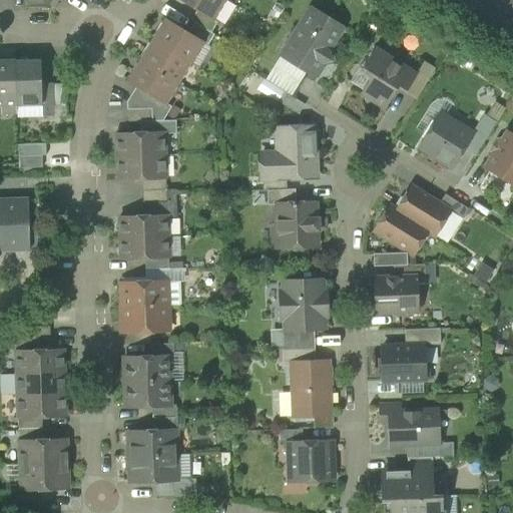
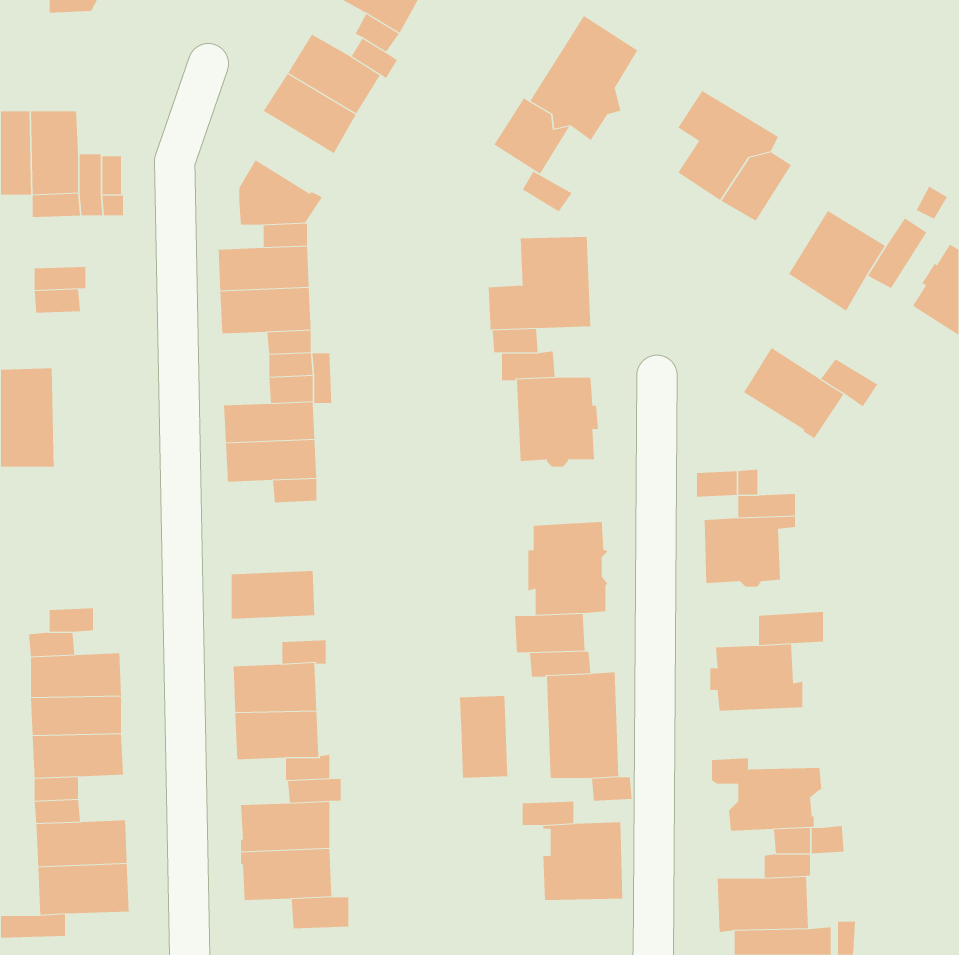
building: [127,59,178,103] -> none
building: [375,205,429,253] -> none
building: [122,281,167,307] -> none
building: none -> [460,695,508,779]

